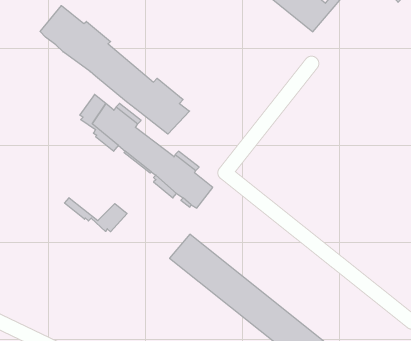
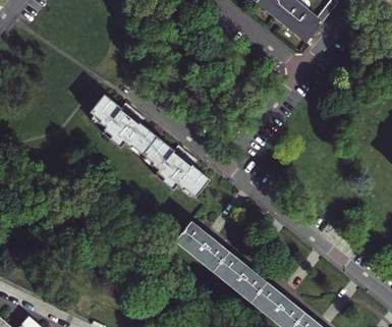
building: [40,6,190,134] -> none
building: [65,198,127,232] -> none

